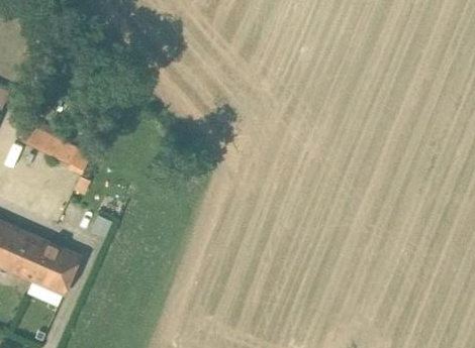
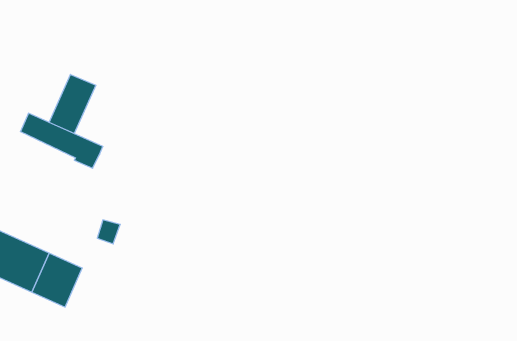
building: none -> [49,74,96,133]

